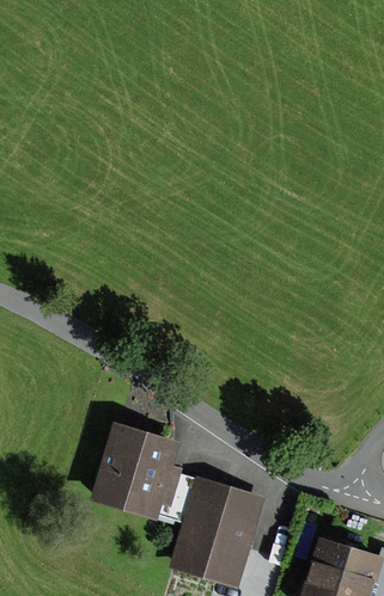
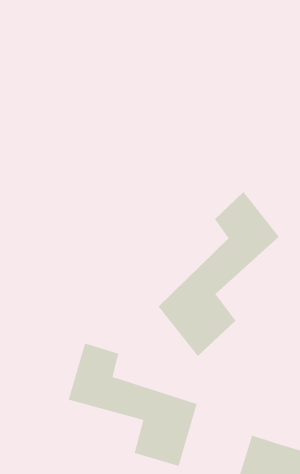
building: none -> [158,191,279,357]

